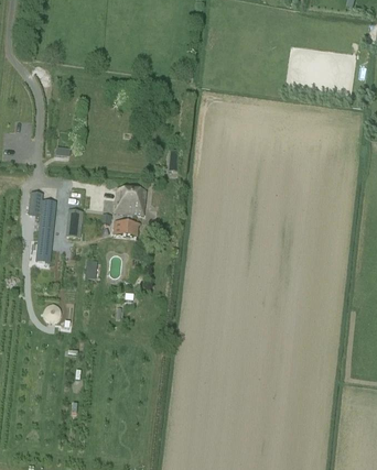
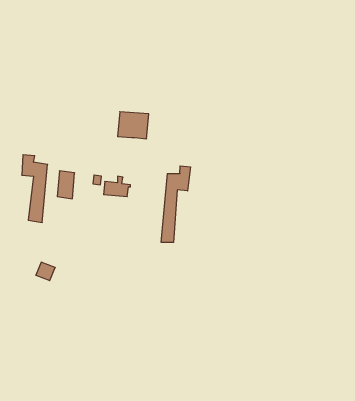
building: [112,187,144,215] -> [118,112,149,139]
building: none -> [161,166,190,242]

